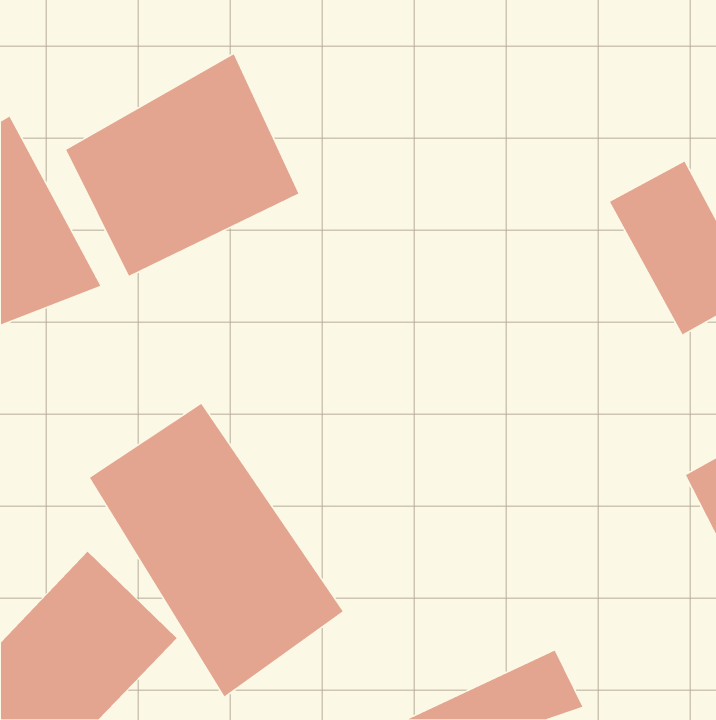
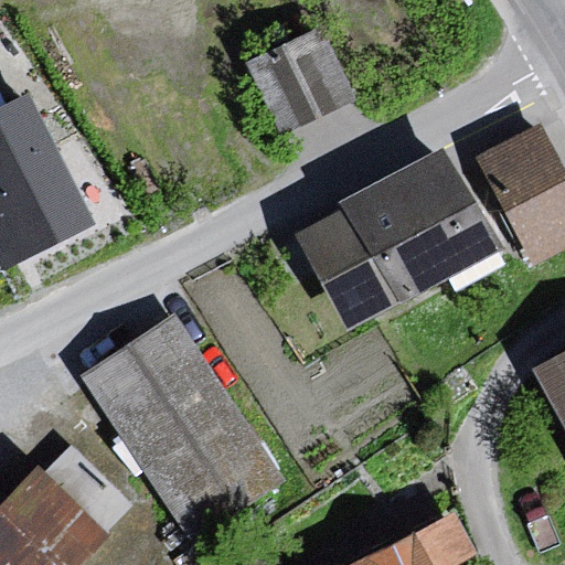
building: none -> [250,25,361,136]
building: [65,53,300,277] -> none
building: none -> [301,147,503,328]

